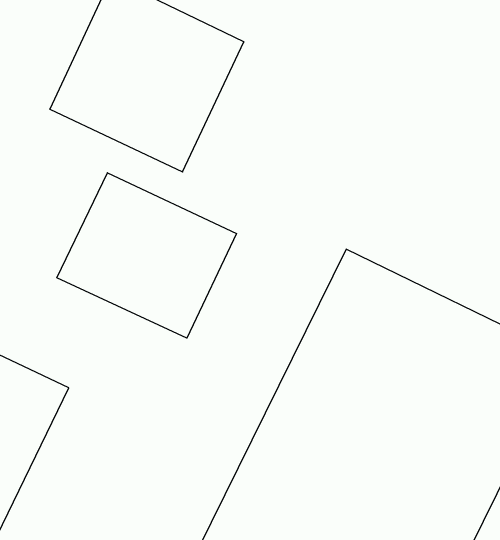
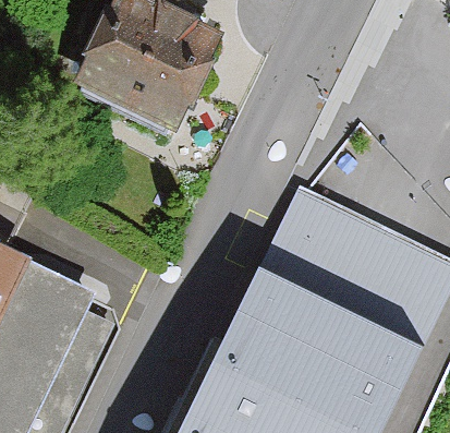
building: [57,173,236,338] -> none

